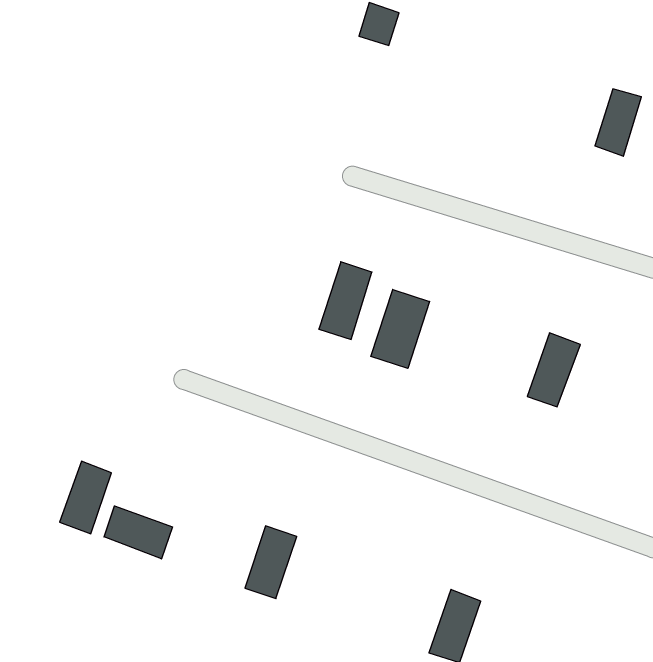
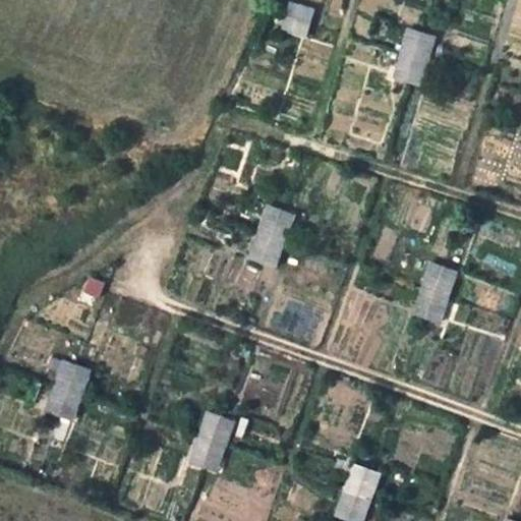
building: [595,89,641,156] -> [395,28,431,81]
building: [371,289,430,368] -> none
building: [104,506,173,559] -> none

